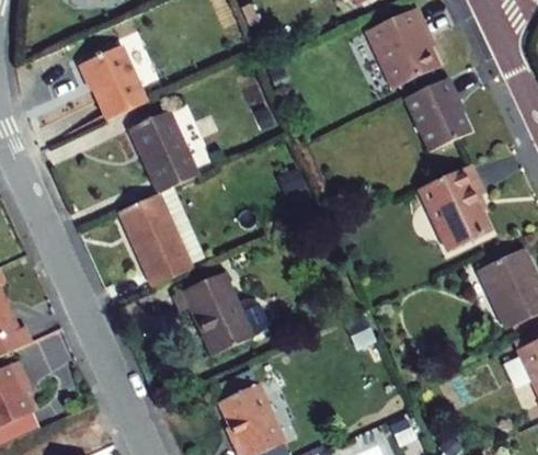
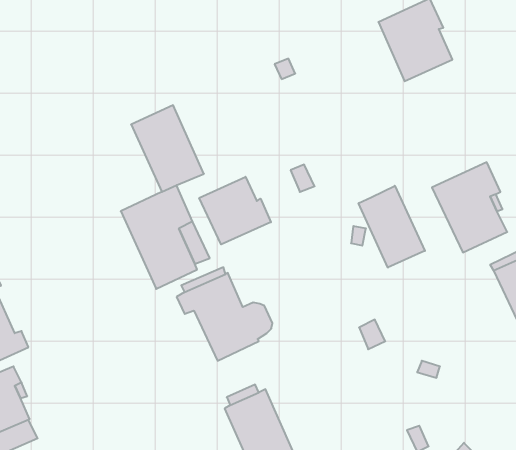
building: [81,45,147,121] -> none
building: [405,78,469,151] -> none
building: none -> [199,177,271,244]
building: none -> [359,186,425,268]

